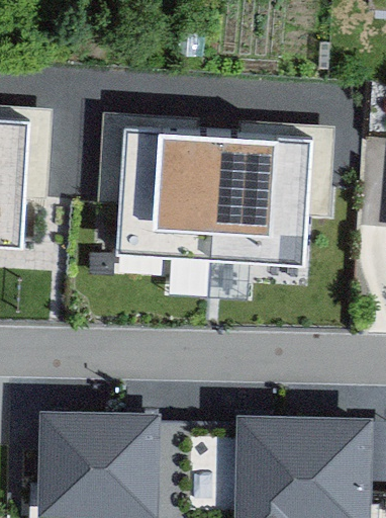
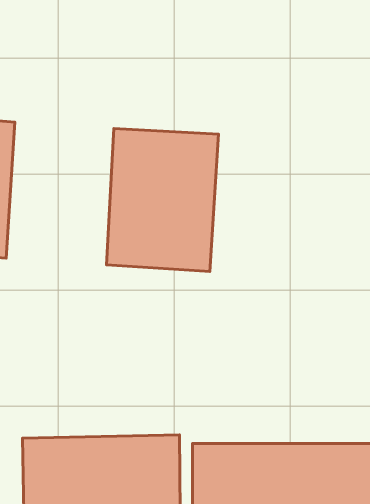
building: [209,132,311,265] -> none

